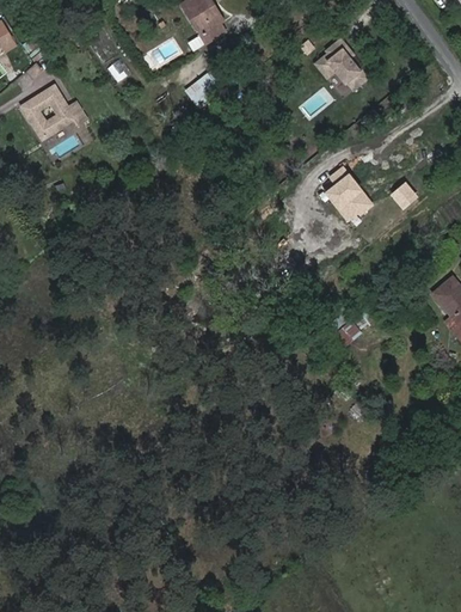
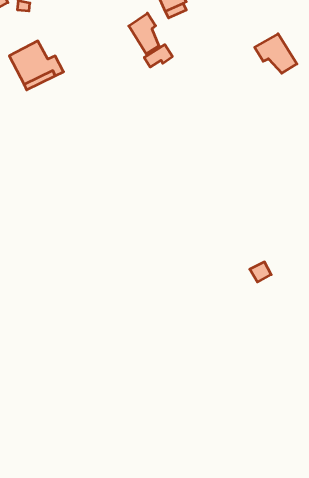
building: none -> [129,13,159,54]
building: [326,176,367,218] -> none

